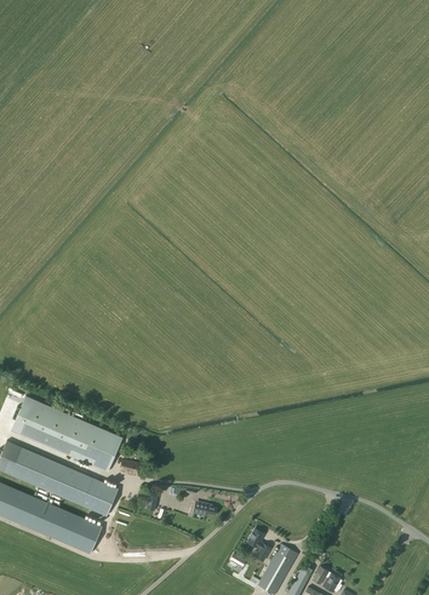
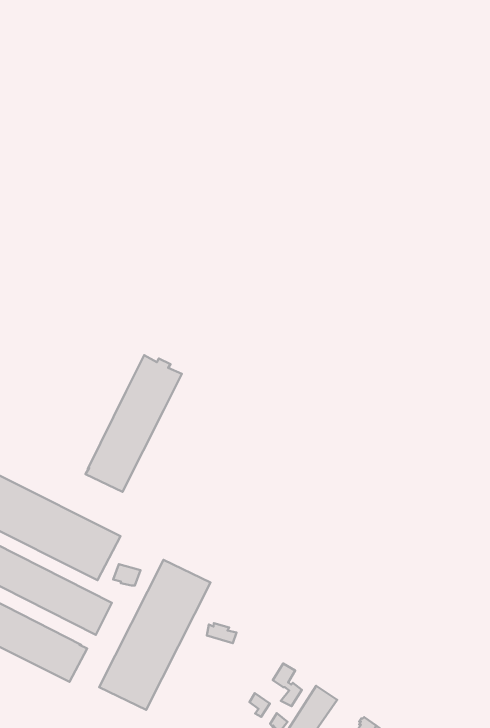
building: none -> [86,355,182,492]
building: none -> [99,560,210,710]

